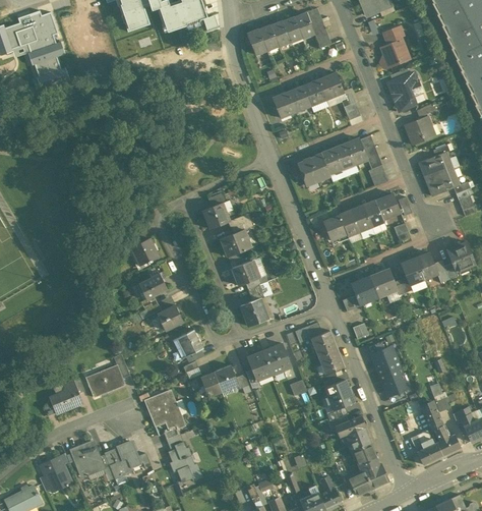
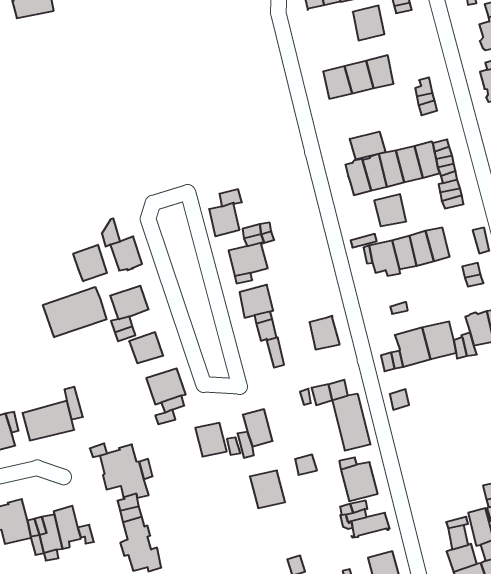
building: [318,72,344,100] -> [353,6,384,40]
building: none -> [350,132,386,160]
building: [375,193,401,219] -> [374,194,406,226]
building: none -> [73,245,107,281]
building: none -> [43,287,107,337]
building: [241,299,265,326] -> [309,316,340,349]
building: [262,344,291,374] -> [250,470,285,508]
building: [372,346,408,396] -> none
building: [195,372,222,398] -> none
building: [344,427,370,451] -> none

